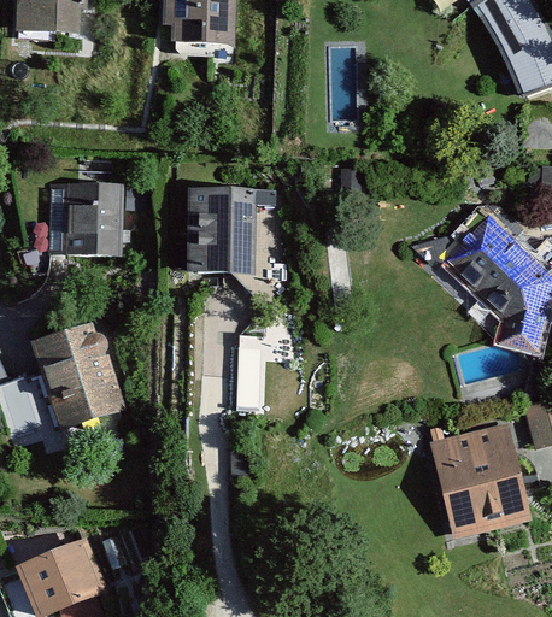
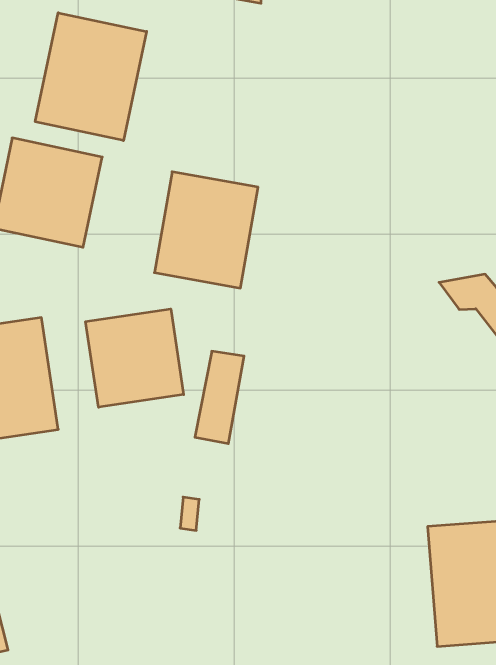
building: none -> [35,13,147,141]
building: none -> [86,309,184,407]

